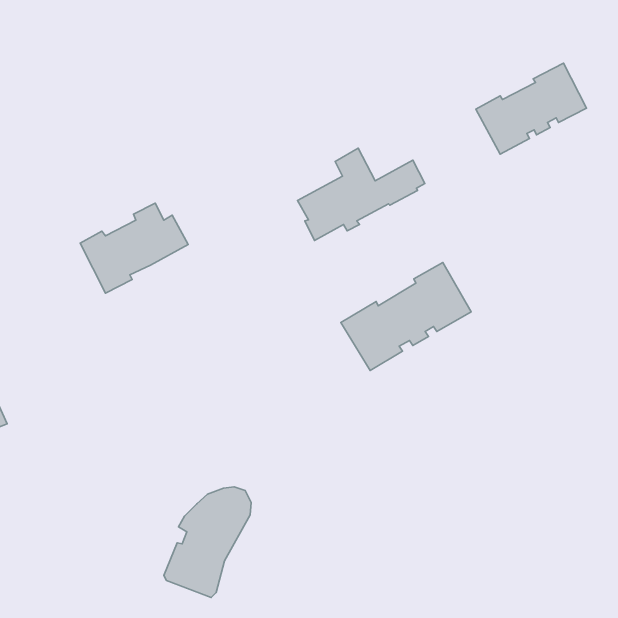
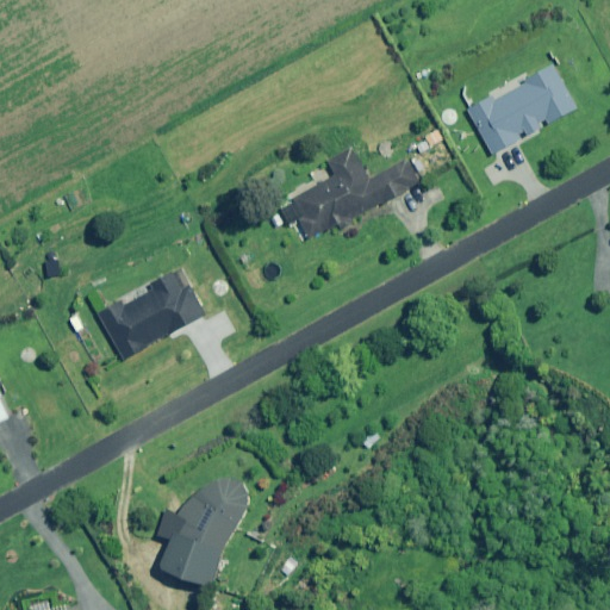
building: [80,203,188,293] -> [98,272,204,360]
building: [341,262,471,370] -> none

